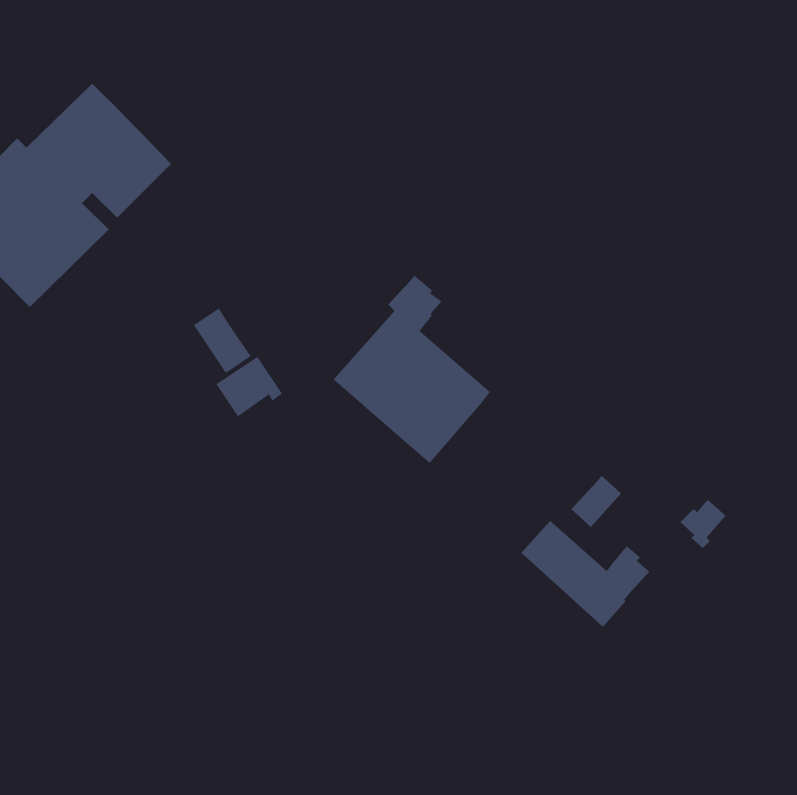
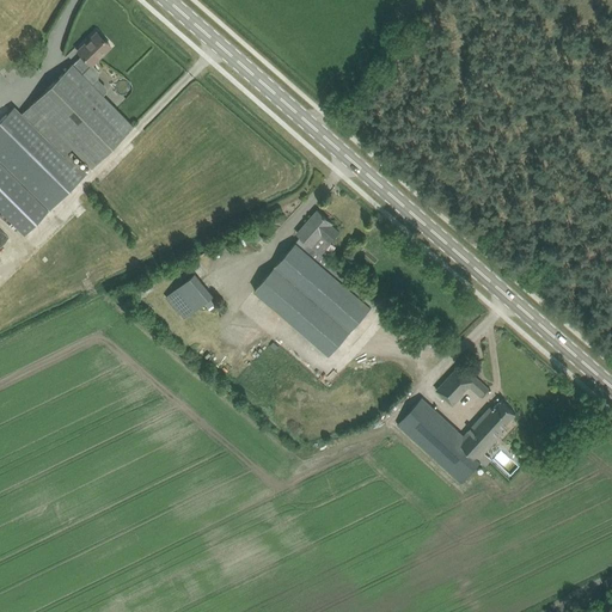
building: none -> [72,33,109,86]
building: [193,307,252,374] -> none
building: [679,499,726,549] -> [479,402,515,440]

